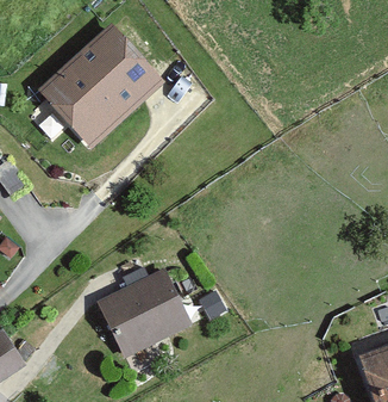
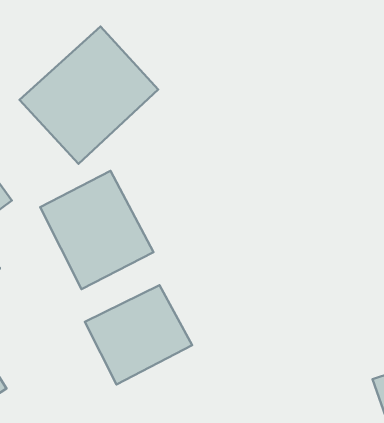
building: none -> [40,171,154,289]

